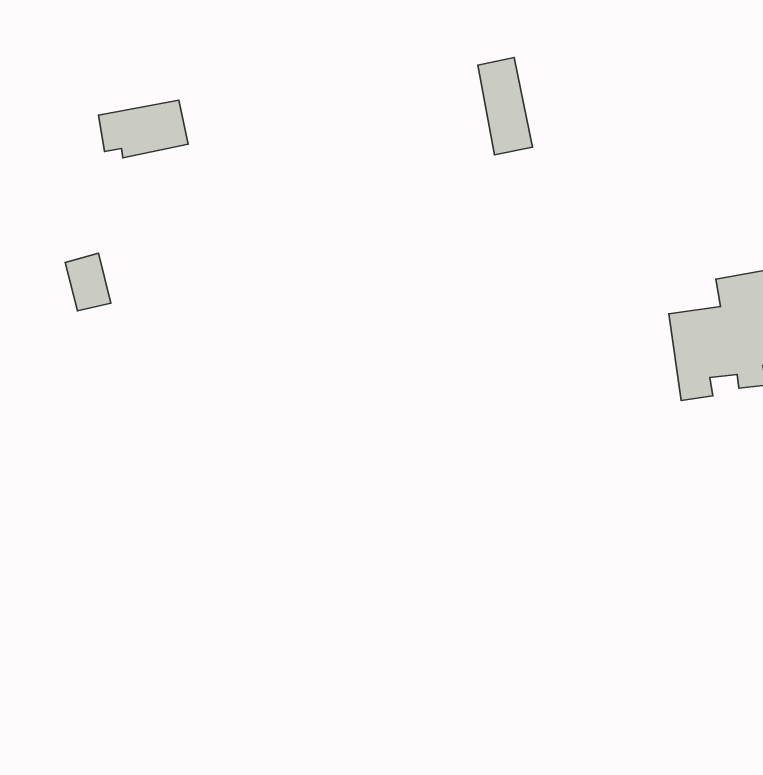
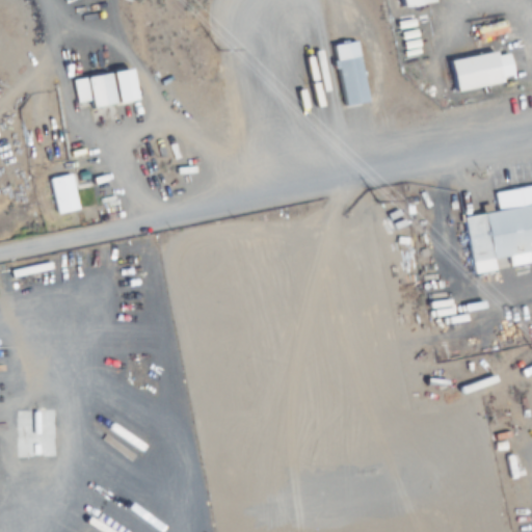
building: none -> [452,50,518,90]

